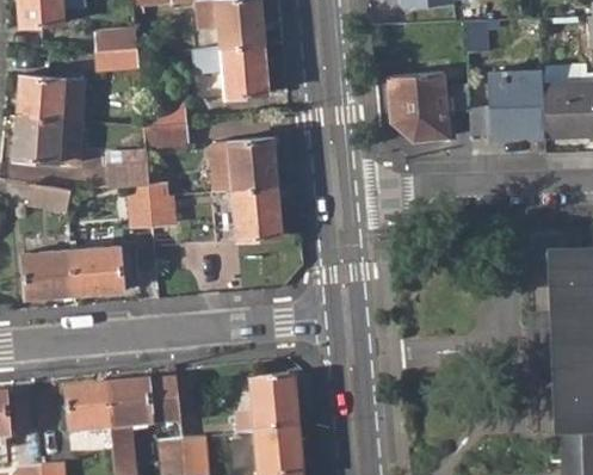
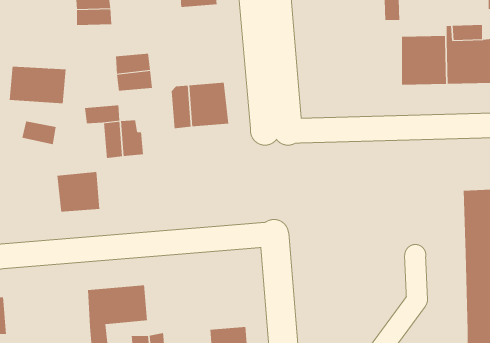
building: [192,43,268,97] -> none
building: [17,74,85,121] -> none
building: [384,74,443,142] -> none
building: [233,186,282,238] -> none
building: [23,248,75,297] -> none
building: [235,378,298,434] -> none
building: [68,385,110,433] -> none

